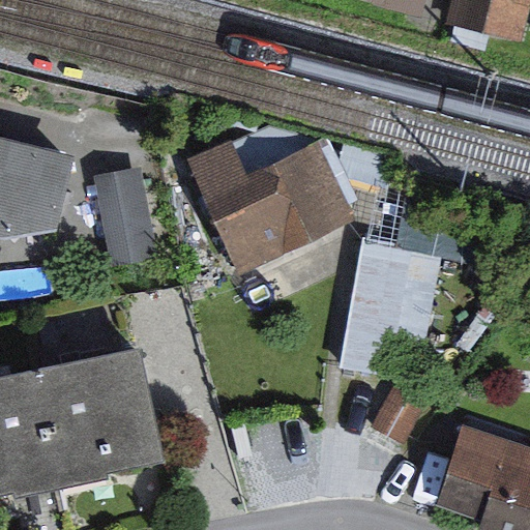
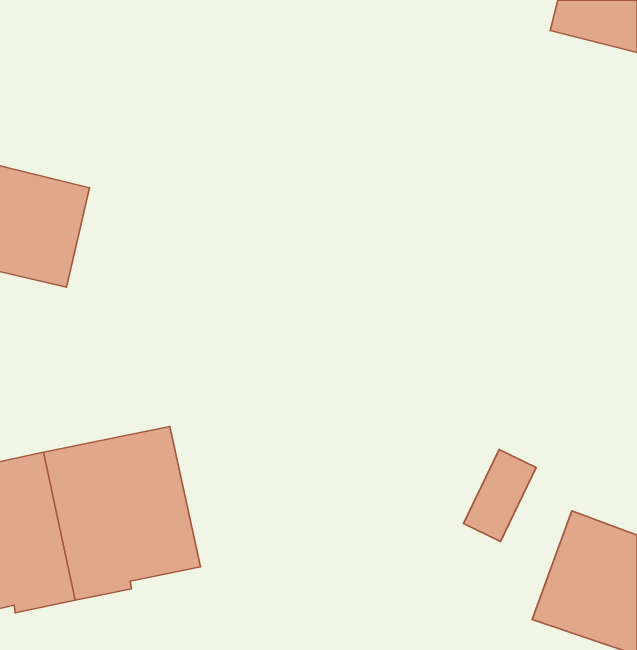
building: [198,146,347,265] -> none
building: [95,169,154,268] -> none
building: [343,238,410,373] -> none

